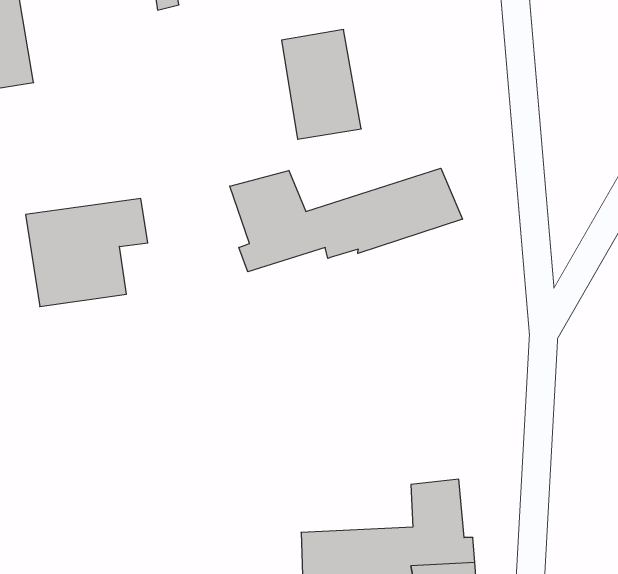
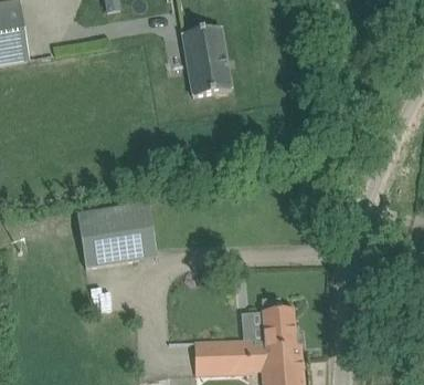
building: [230,168,462,272] -> none
building: [26,199,148,307] -> [76,201,152,269]

